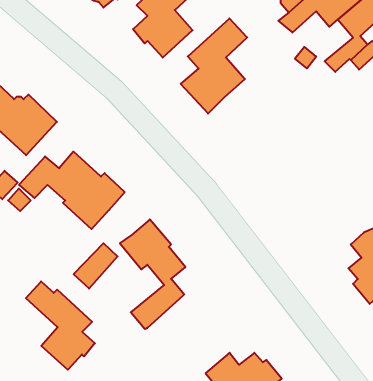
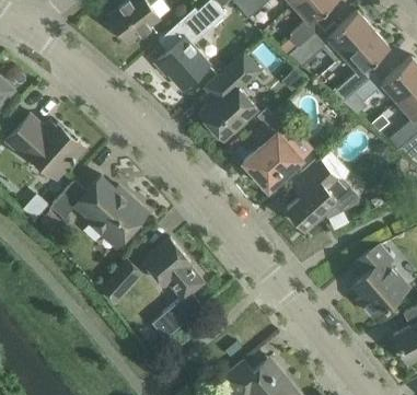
building: none -> [243,112,303,189]
building: none -> [287,161,359,229]
building: [26,281,95,370] -> none

